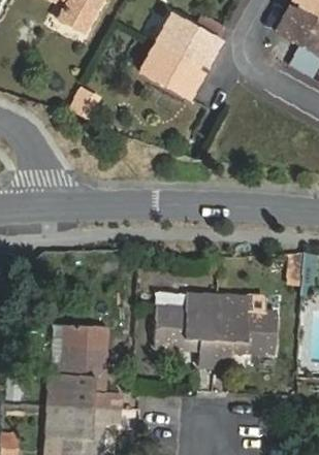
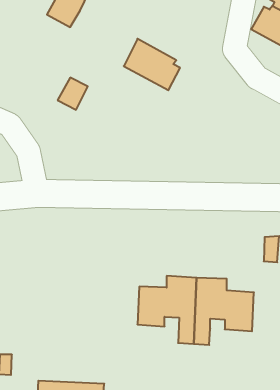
building: [155,14,218,65] -> none
building: [50,324,120,409] -> none

